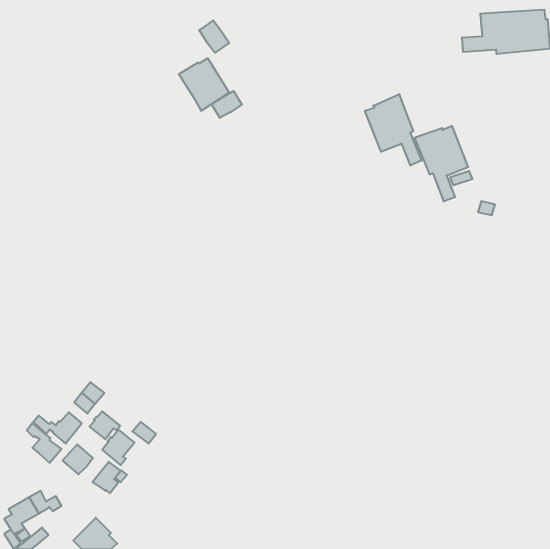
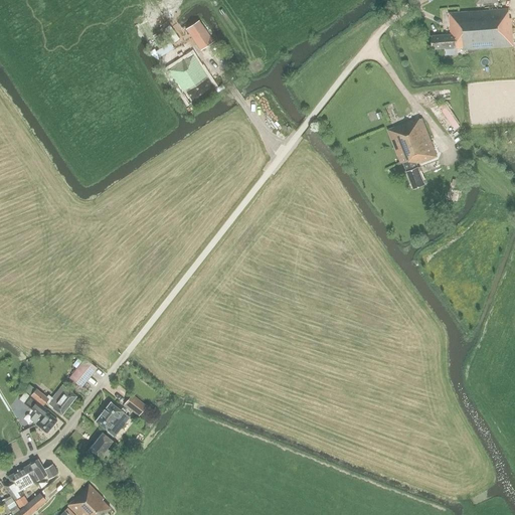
building: [211,91,242,118] -> none
building: [365,94,422,165] -> none
building: [90,411,120,439] -> none
building: [63,444,93,474] -> none

